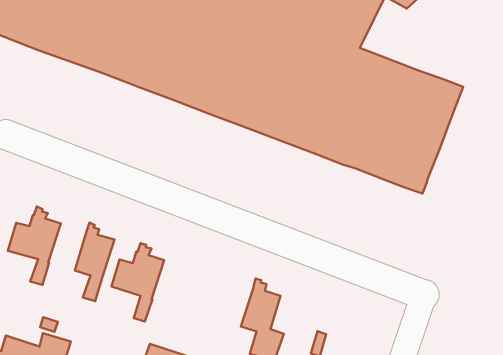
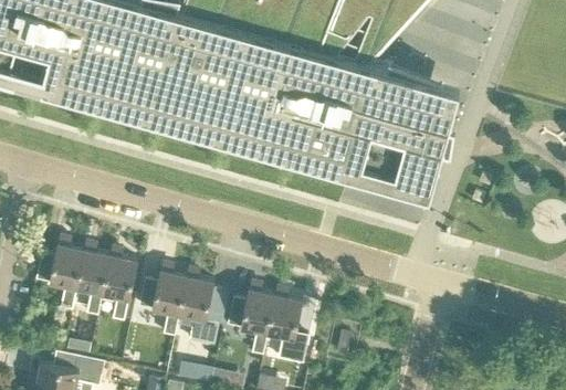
building: none -> [74,246,108,322]
building: none -> [177,273,219,350]
building: none -> [226,286,274,361]

